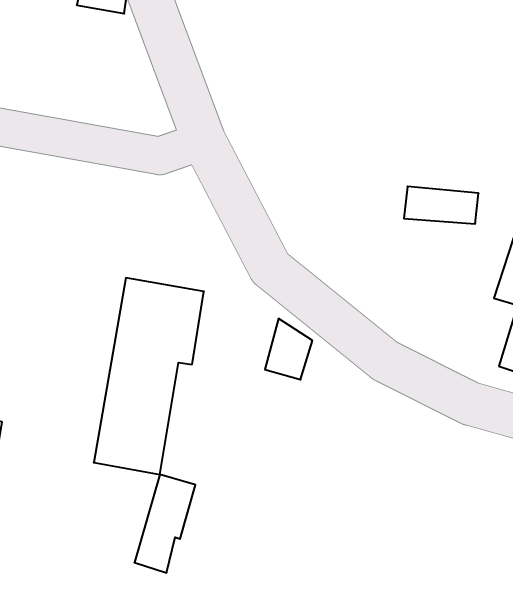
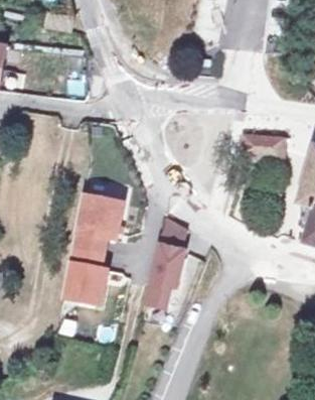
building: [134,475,195,573] -> [146,242,182,300]

